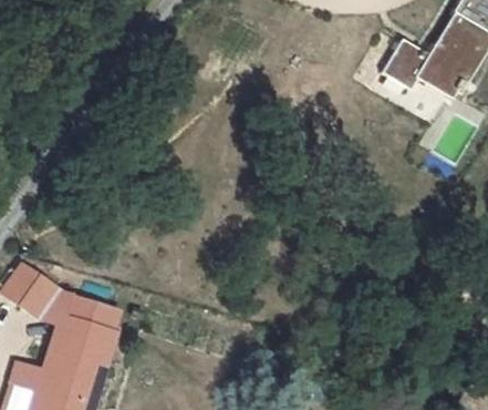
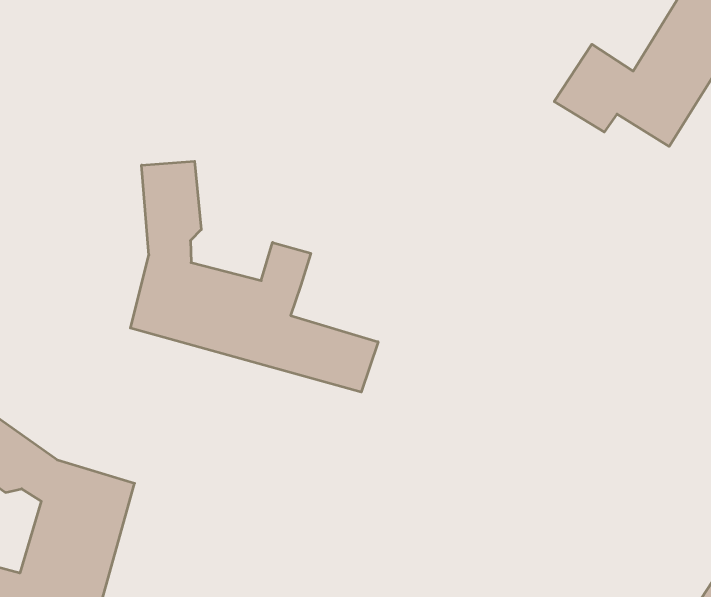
building: none -> [130,161,378,392]

